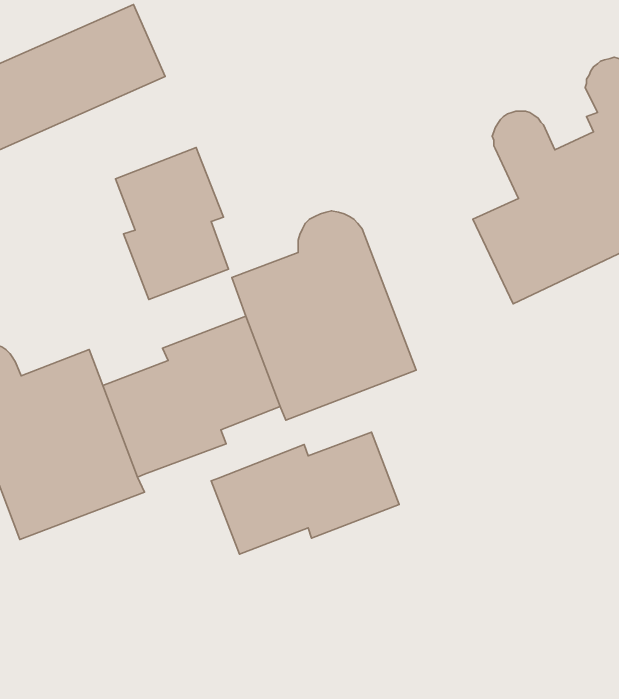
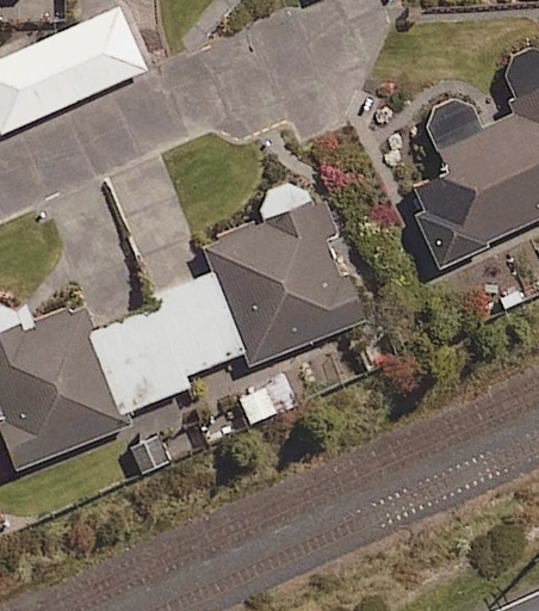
building: [115,147,229,300] -> none
building: [211,432,399,554] -> none

